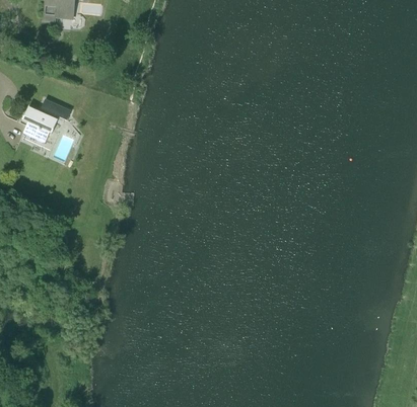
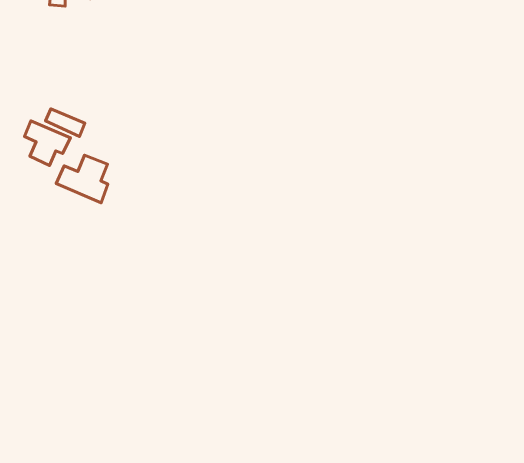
building: none -> [56,155,108,203]

